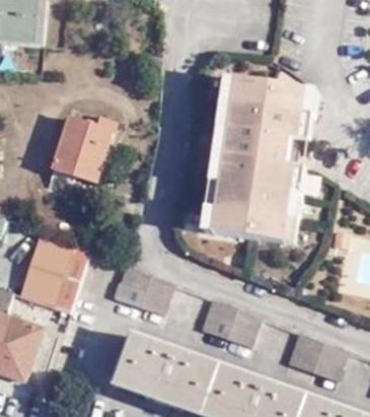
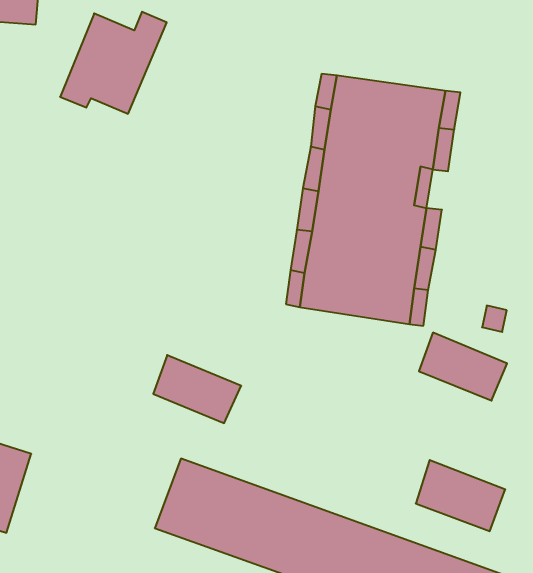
building: [50,114,120,181] -> [60,12,167,114]
building: [22,233,85,312] -> none
building: [202,299,260,344] -> [419,333,507,401]

